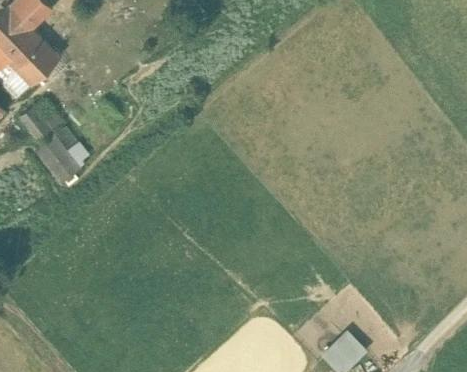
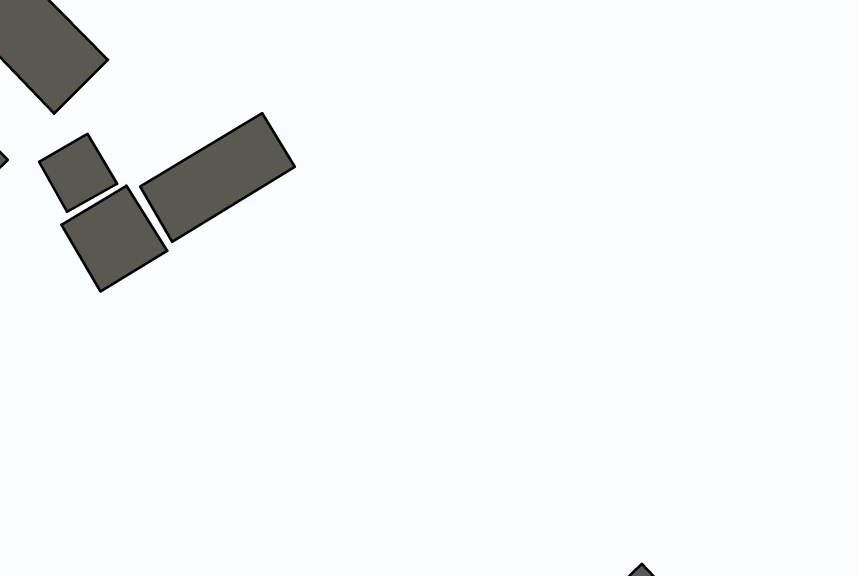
building: none -> [140,113,295,242]

